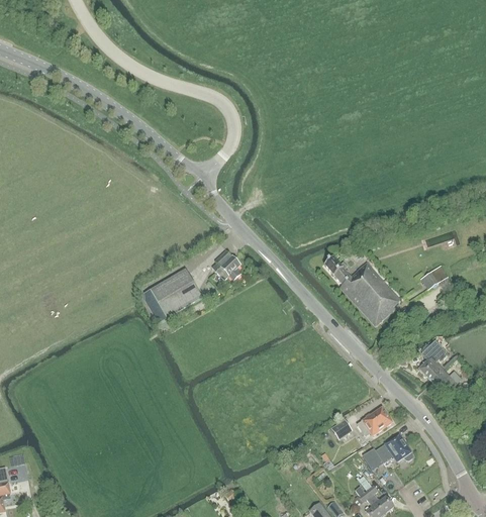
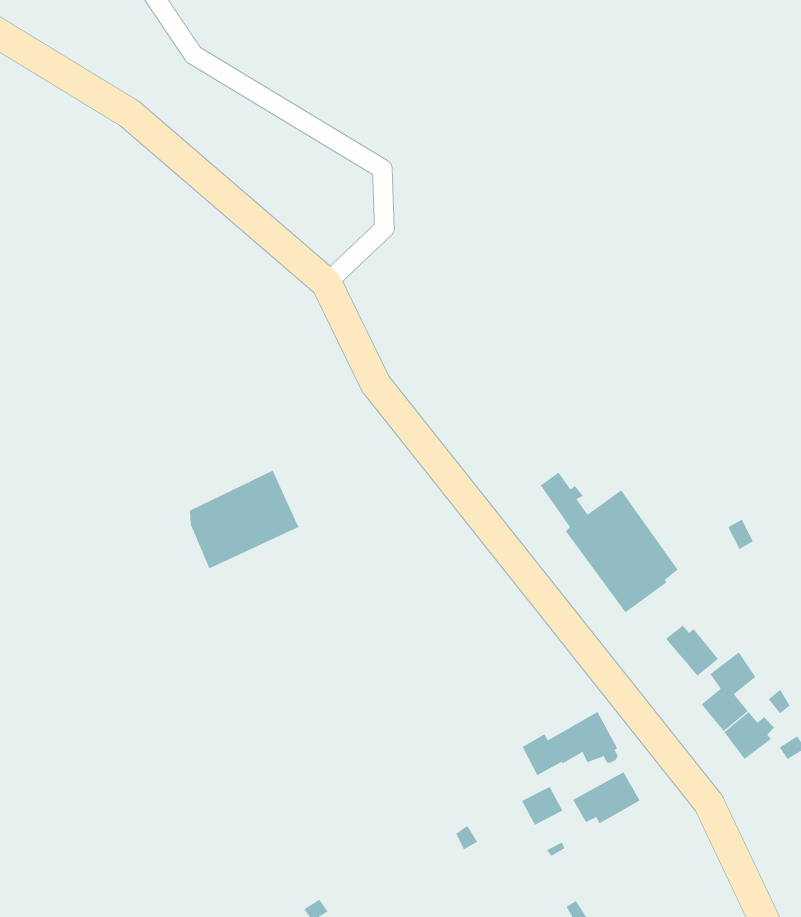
building: [212,249,240,280] -> none
building: none -> [665,625,719,676]
building: [362,433,412,470] -> [522,711,619,776]

